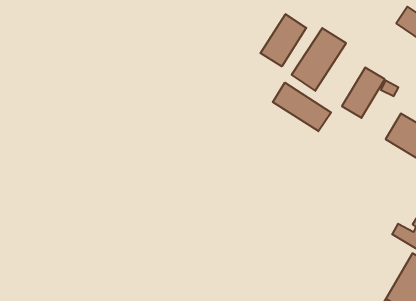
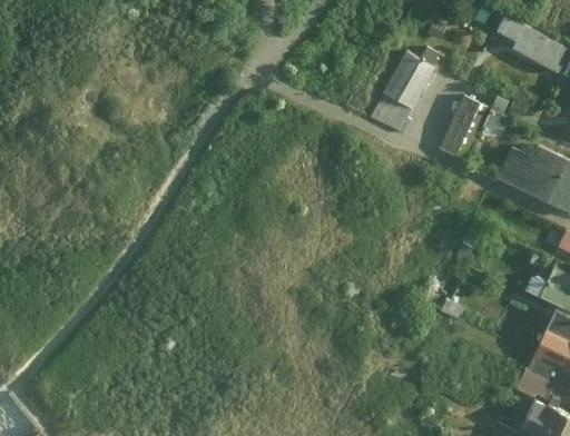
building: [260,14,306,66] -> none
building: [273,83,331,131] -> none

